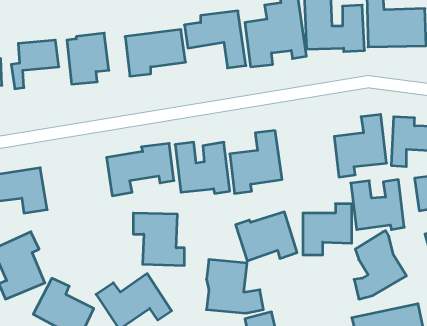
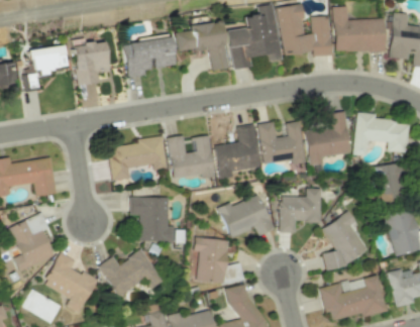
building: [351,180,404,230] -> [258,121,305,165]

